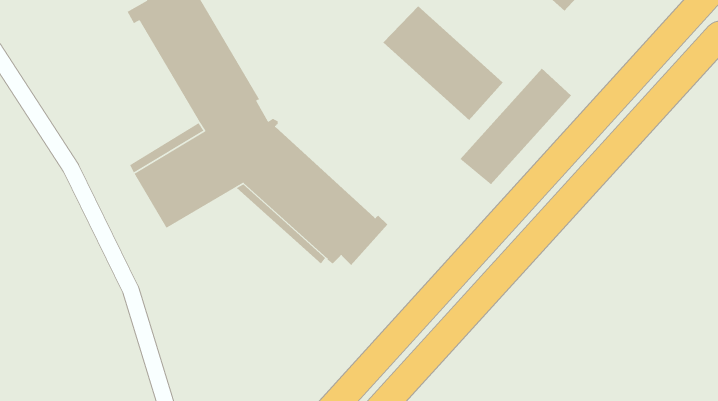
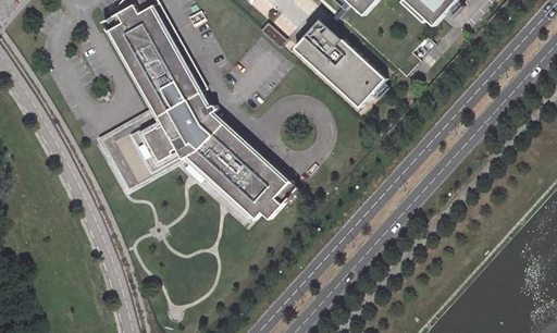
building: [459,68,572,185] -> none

